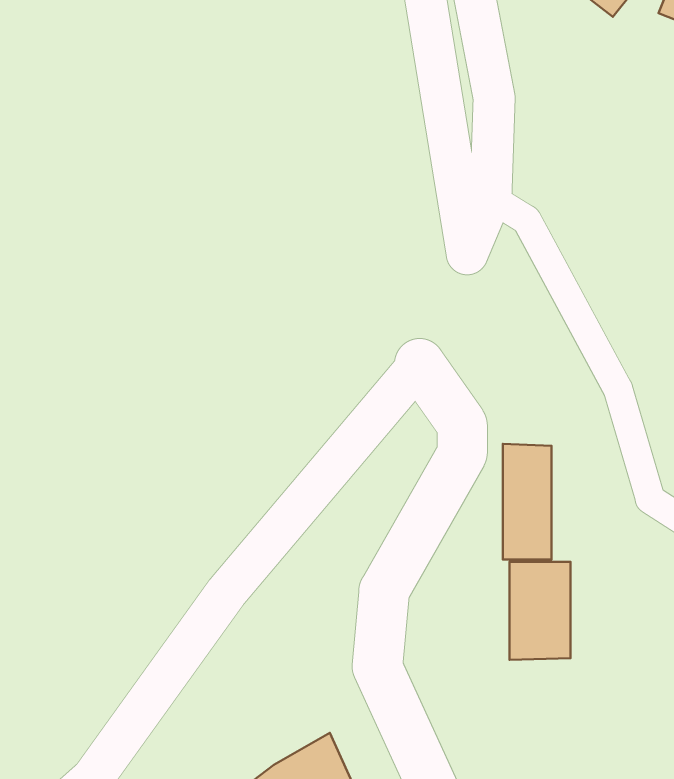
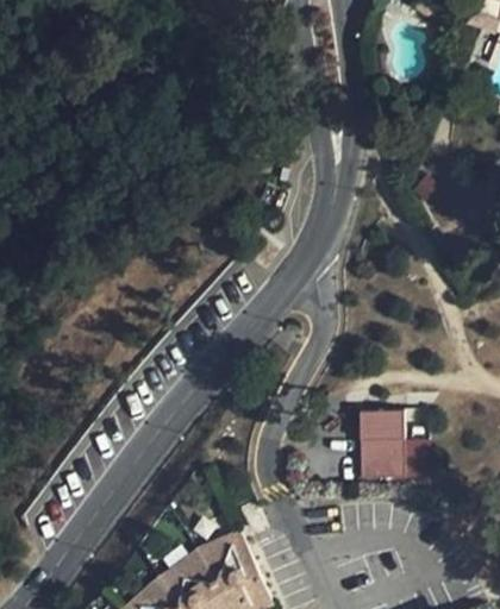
building: [503,444,552,559] -> none

